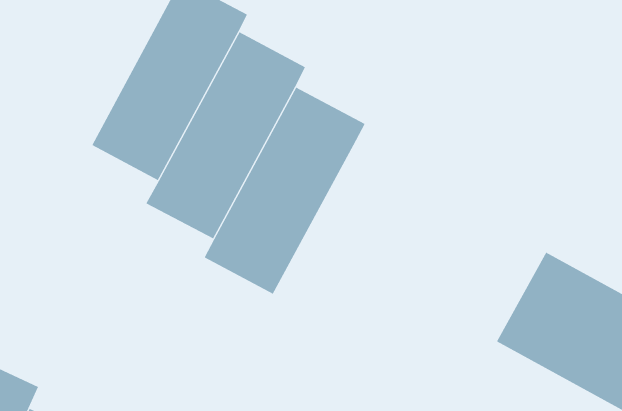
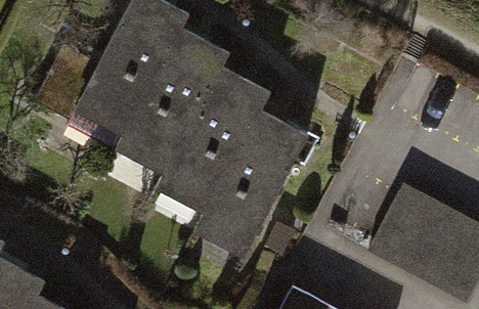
building: none -> [195,108,313,261]

